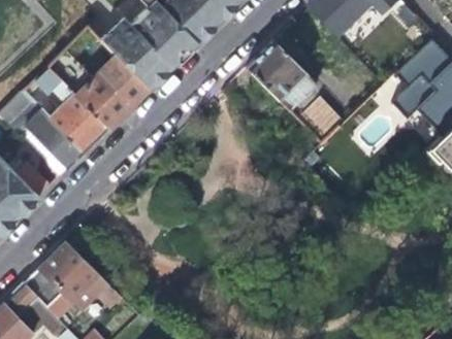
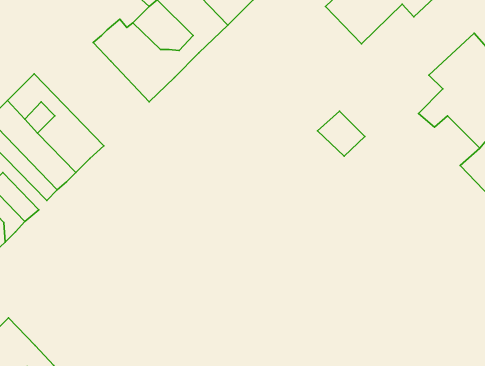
building: [248,41,323,110] -> none
building: [47,48,150,131] -> none
building: [25,241,124,308] -> none

